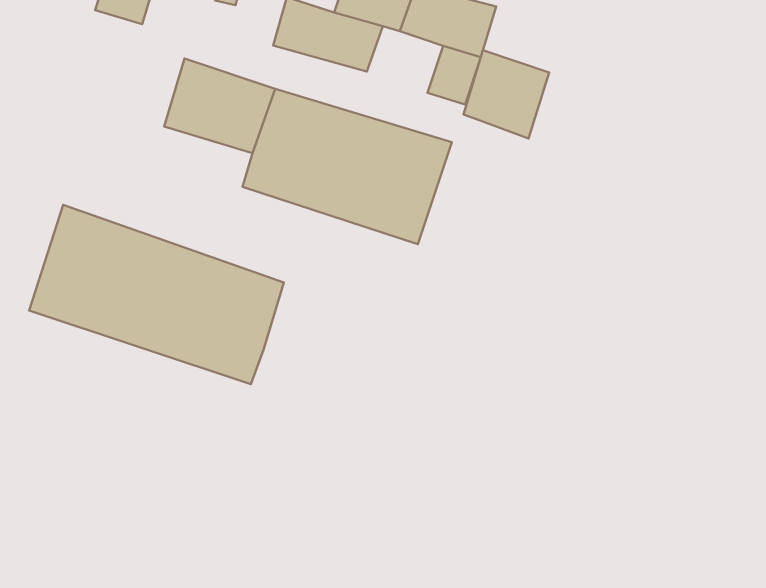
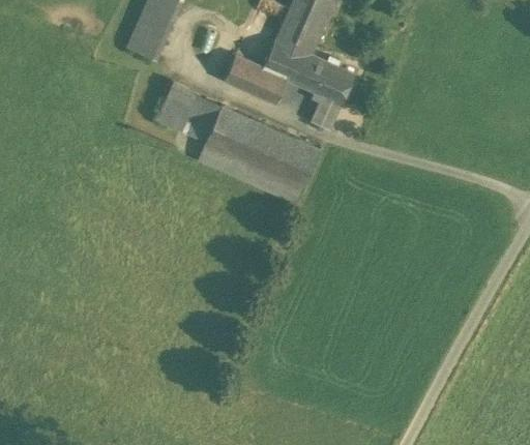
building: [463,50,549,138] -> none
building: [29,205,284,384] -> none

